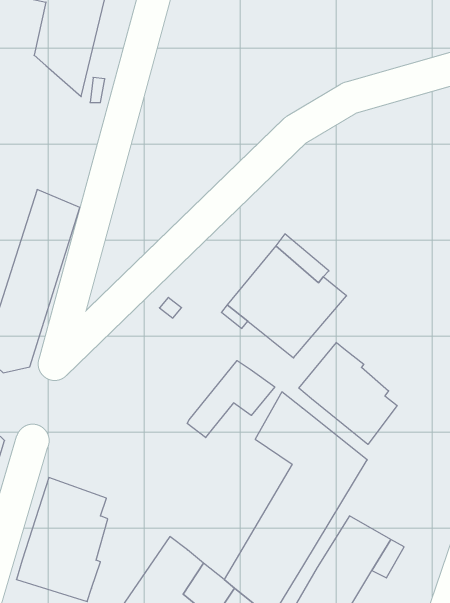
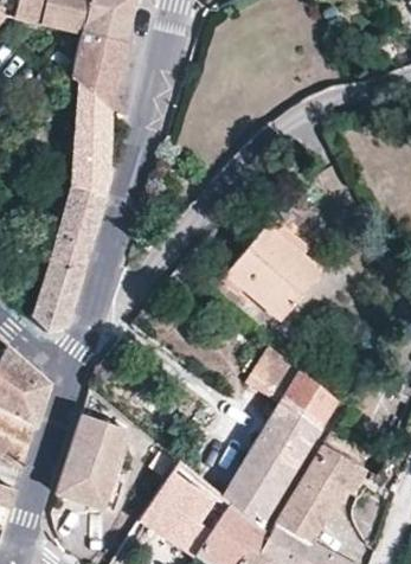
building: none -> [72,84,108,198]
building: [299,342,397,444] -> none
building: [187,361,275,438] -> none

